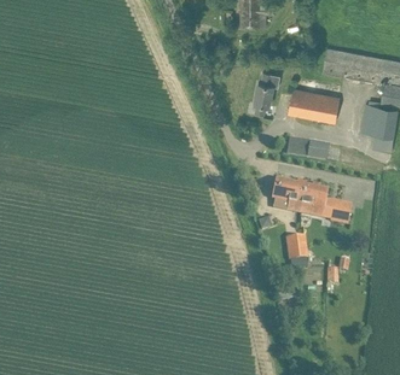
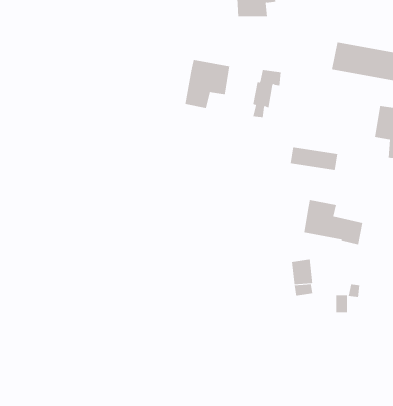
building: none -> [185,59,230,109]
building: [288,89,341,122] -> none
building: [271,180,303,215] -> none

